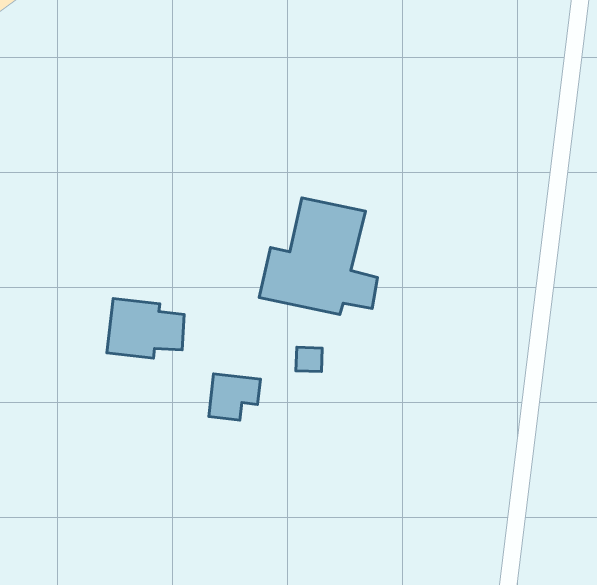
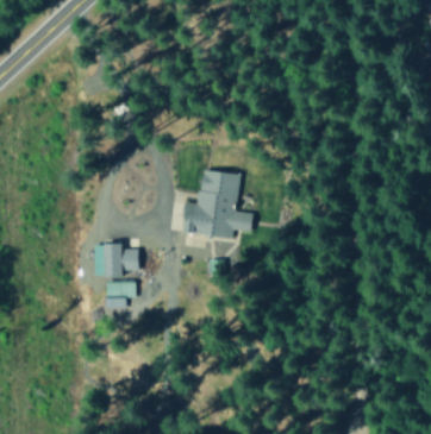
building: [209,374,260,420] -> [107,282,136,308]

